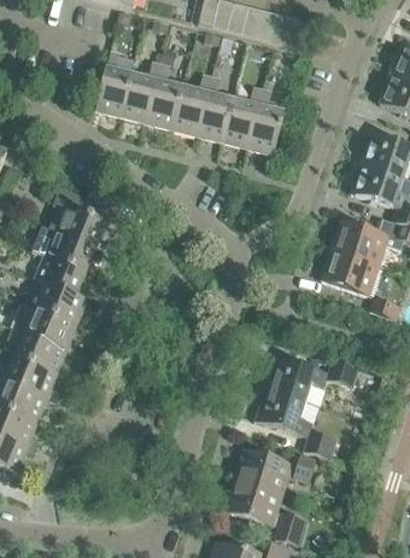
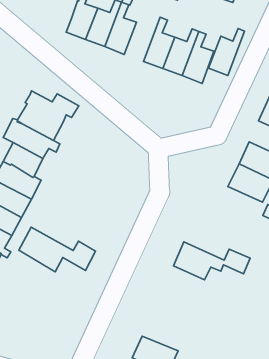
building: [172,75,212,135] -> [209,28,245,75]
building: none -> [19,227,95,272]
building: [256,388,338,460] -> none
building: [236,451,315,494] -> none

